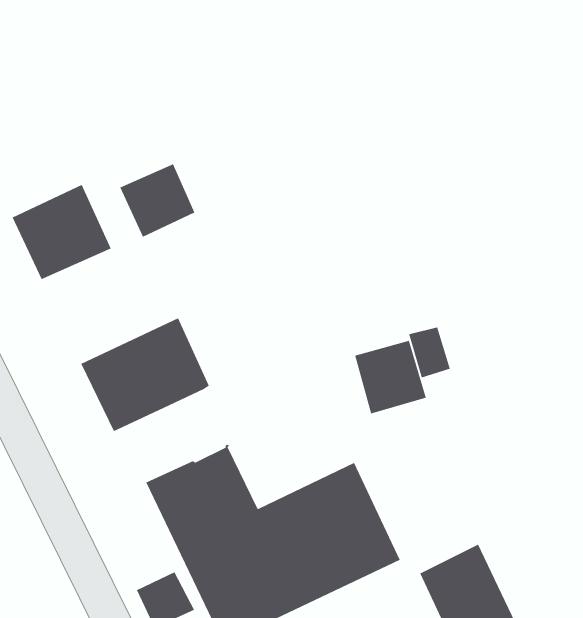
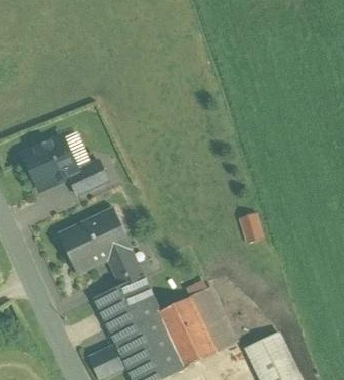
building: [119,163,195,238] -> none
building: [354,340,427,414] -> none
building: none -> [108,249,141,288]

